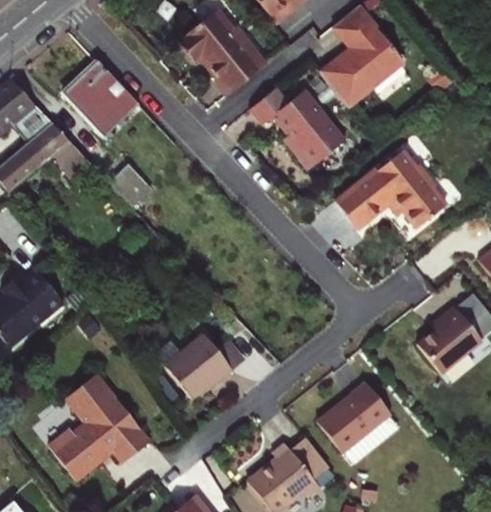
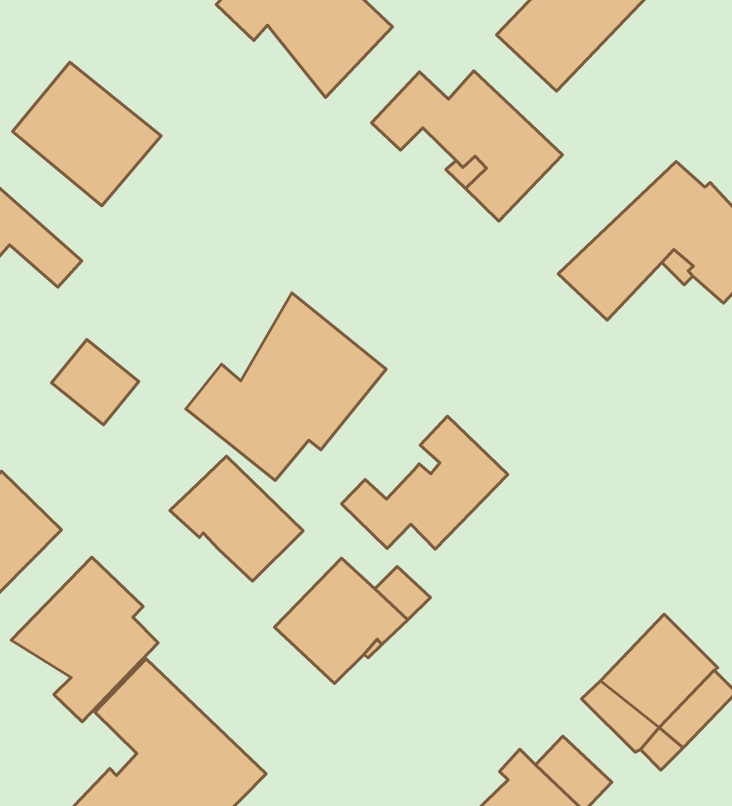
building: [108,160,153,205] -> [51,340,139,425]
building: none -> [186,293,386,480]
building: none -> [342,416,508,549]
building: none -> [170,456,303,581]
building: none -> [11,557,158,722]

